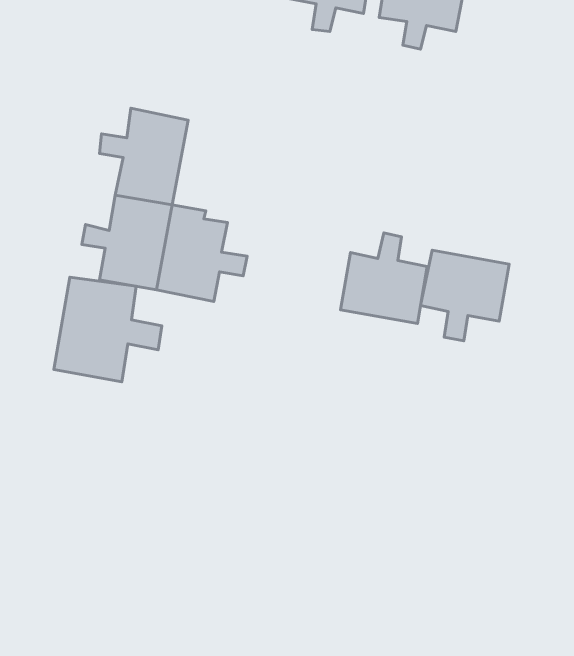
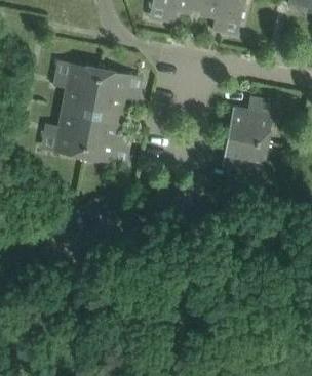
building: none -> [92,69,140,116]
building: [341,233,427,324] -> [228,96,273,143]
building: [54,277,162,382] -> none

